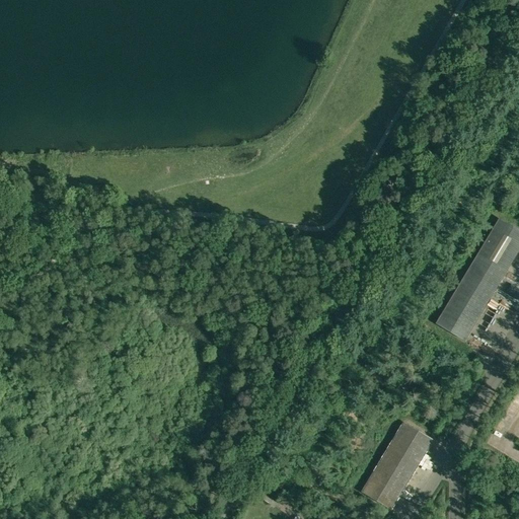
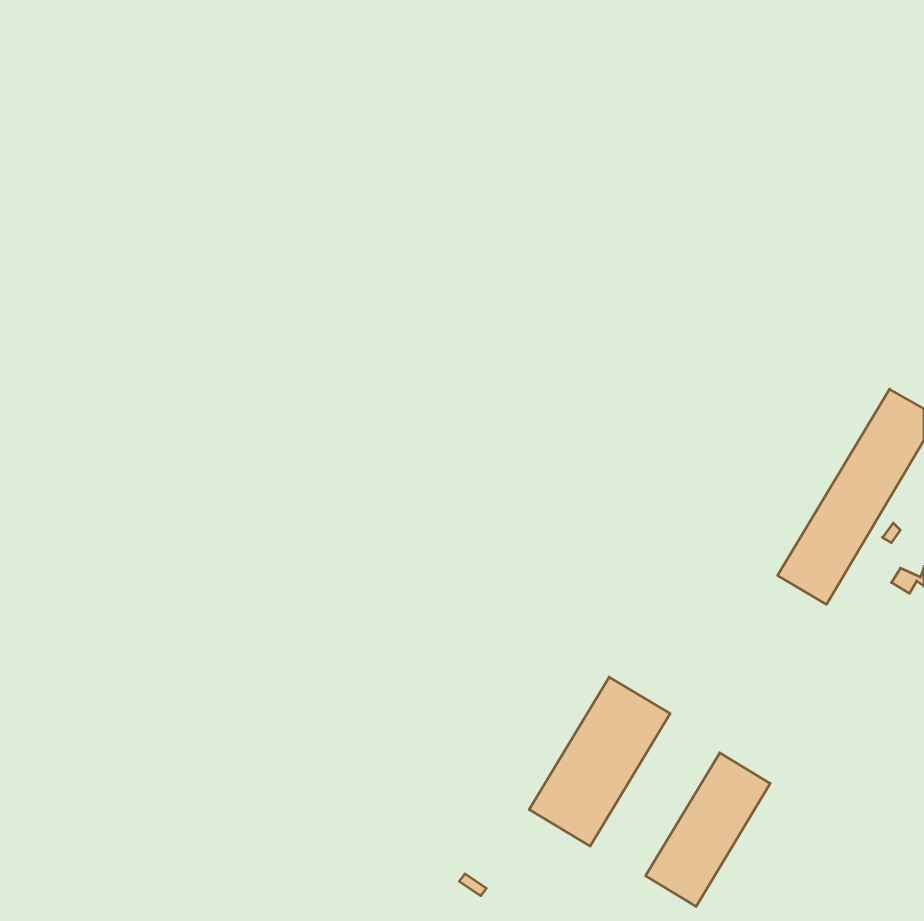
building: none -> [529,677,670,846]

